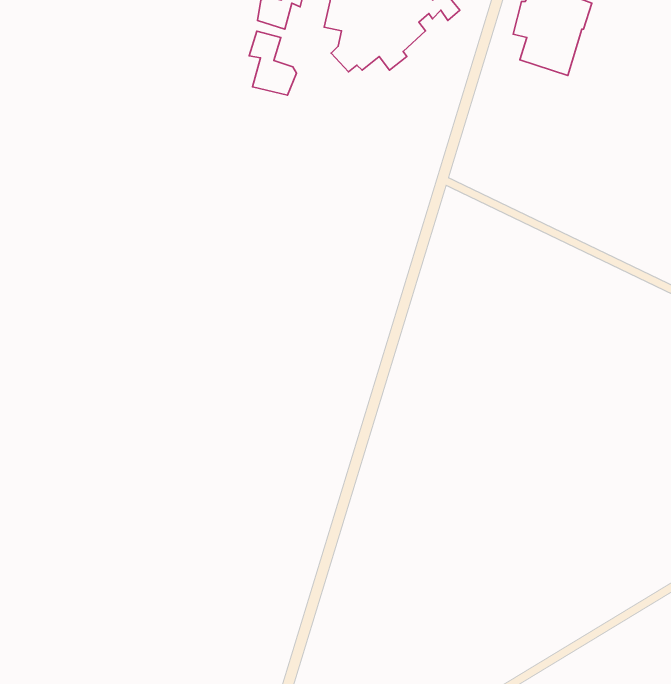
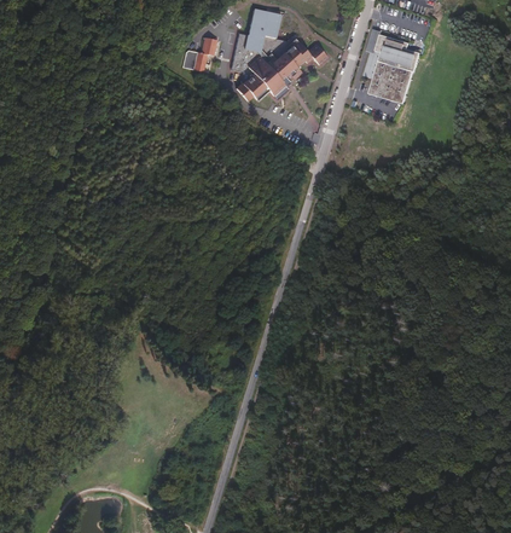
building: [249,31,296,95] -> none

